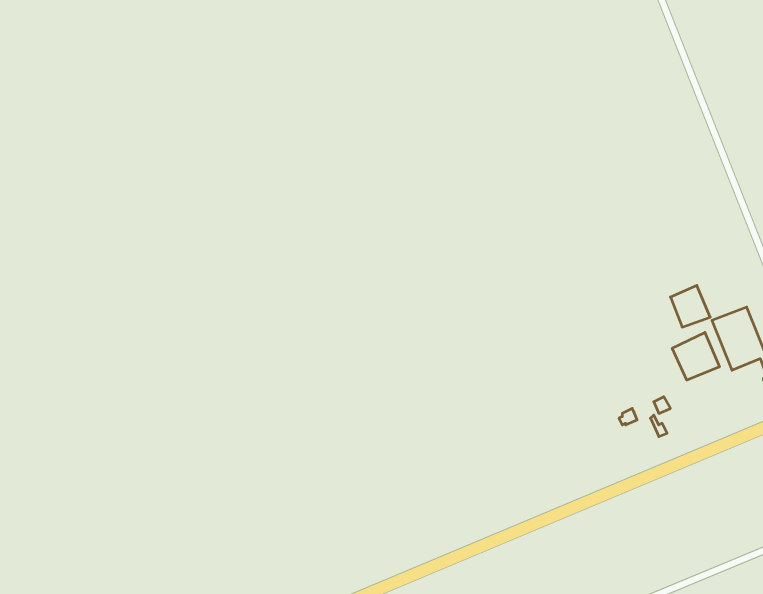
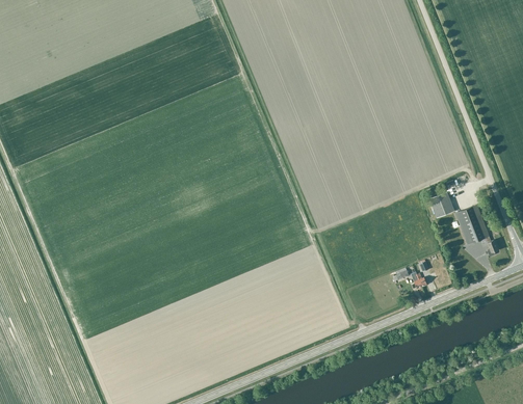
building: [672,332,719,380] -> none

